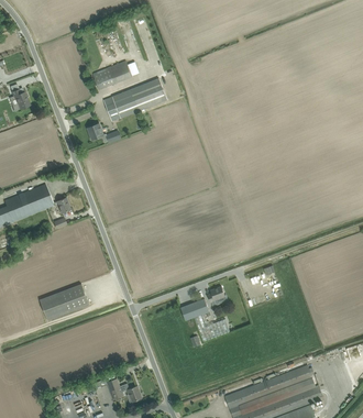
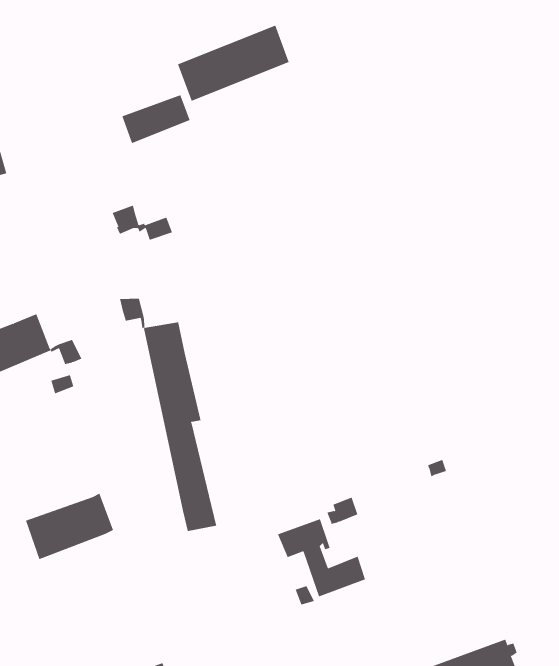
building: [103,77,166,120] -> [177,25,290,102]
building: none -> [119,298,217,532]

